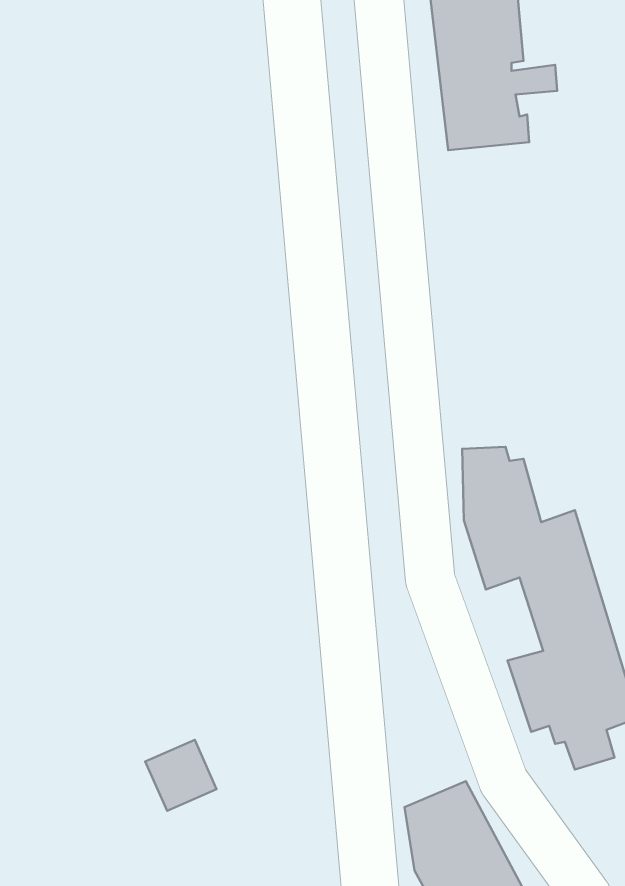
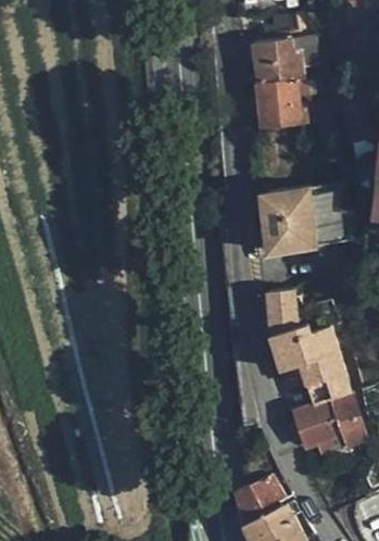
building: none -> [260,185,349,252]

